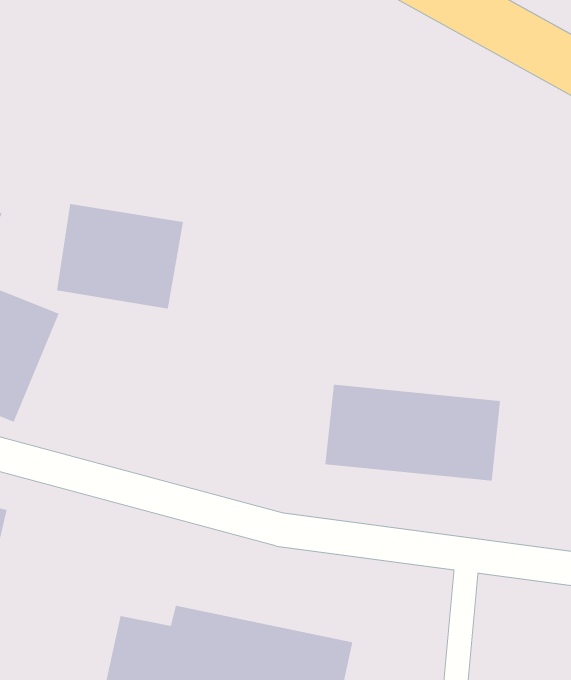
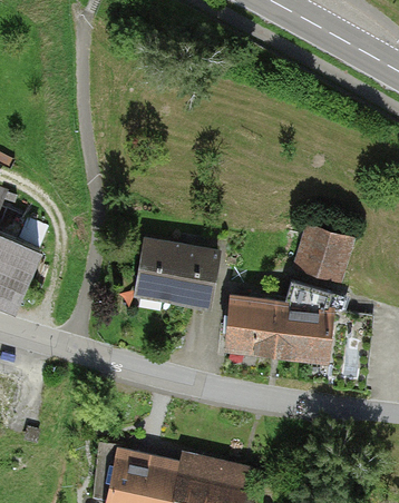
building: [56,203,184,309] -> [137,237,222,307]
building: none -> [293,219,342,273]

